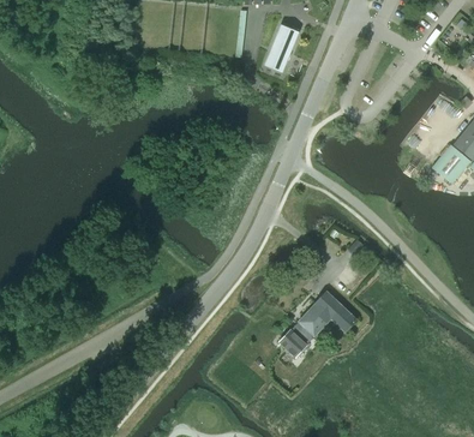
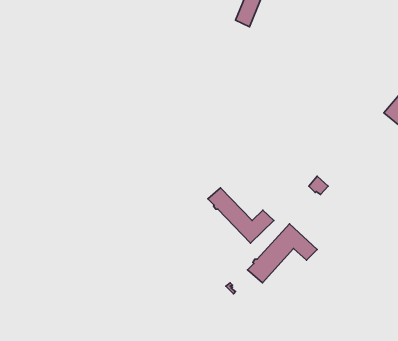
building: none -> [208,188,274,243]

